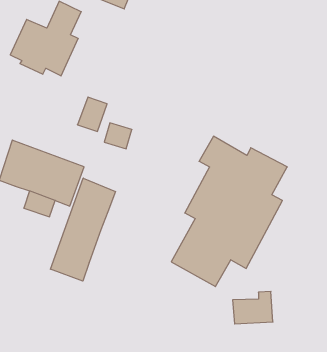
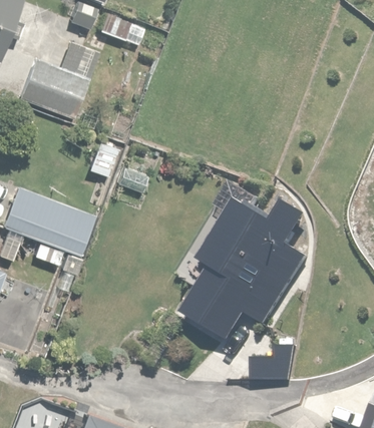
building: [50,178,116,281] -> none

